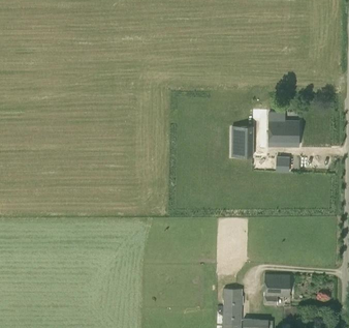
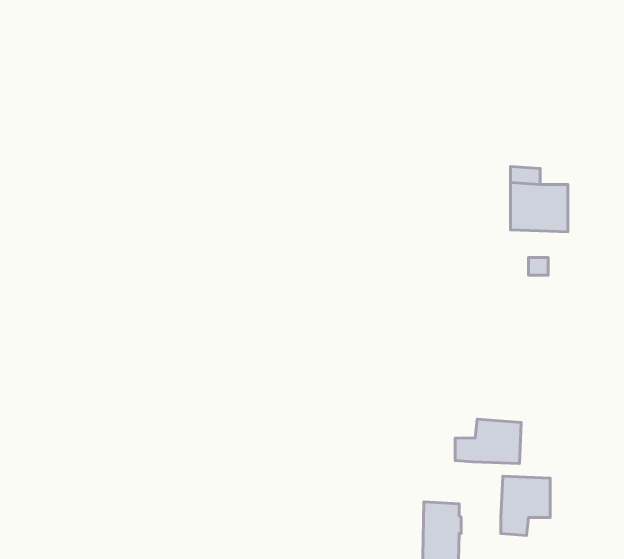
building: [232,126,254,157] -> none
building: none -> [455,419,521,463]

